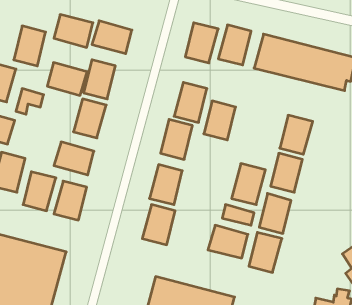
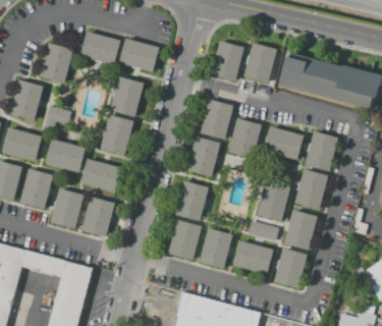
building: [47,63,87,95] -> [46,140,86,172]
building: none -> [263,127,302,160]
building: none -> [200,229,231,268]

